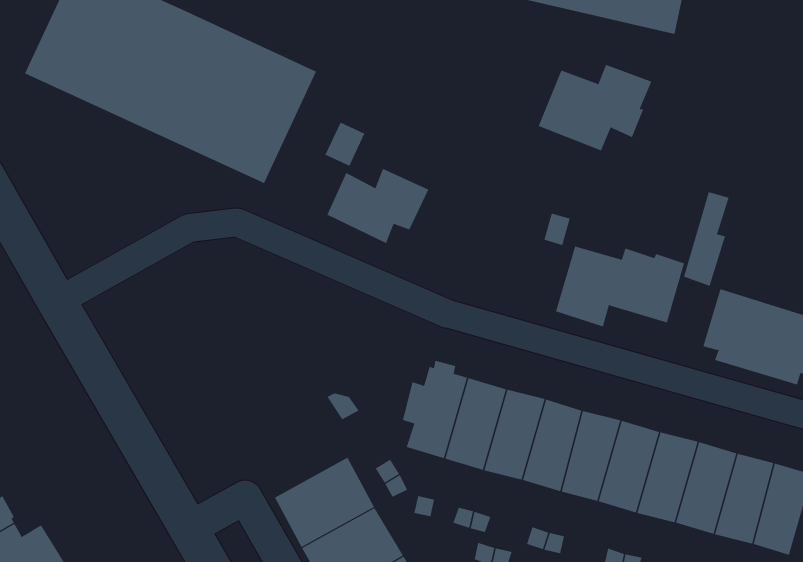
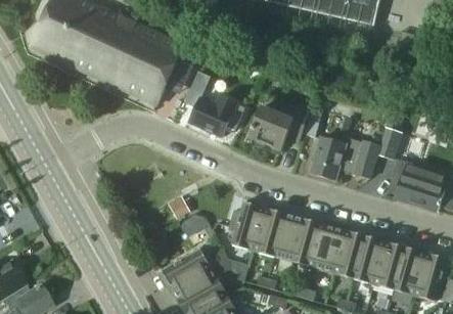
building: [538,64,652,151] -> [248,105,309,151]

